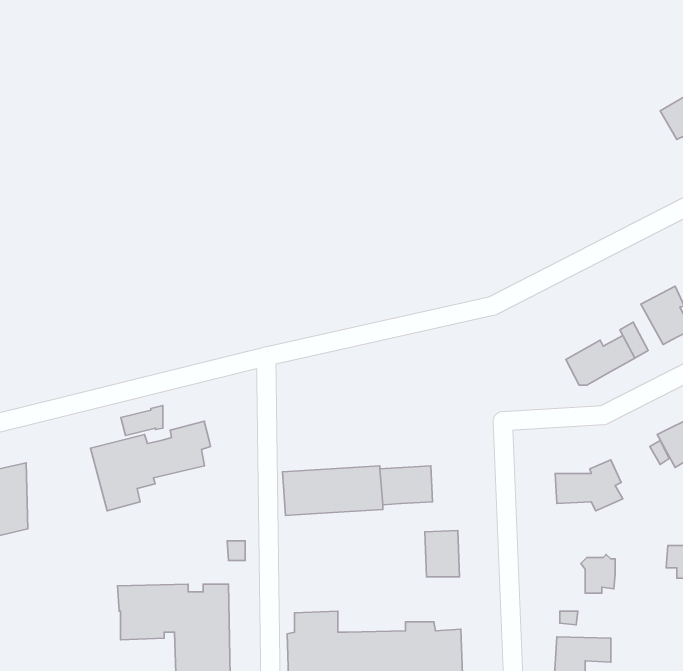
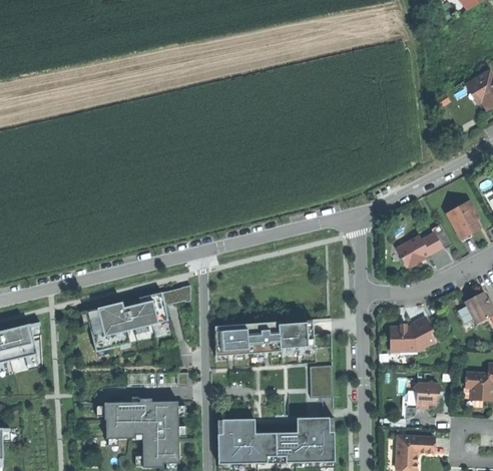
building: [121,406,163,436] -> [160,285,188,305]

